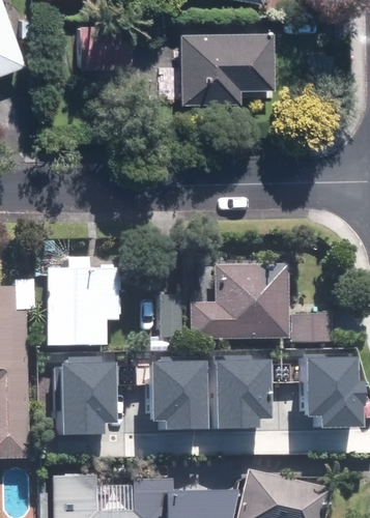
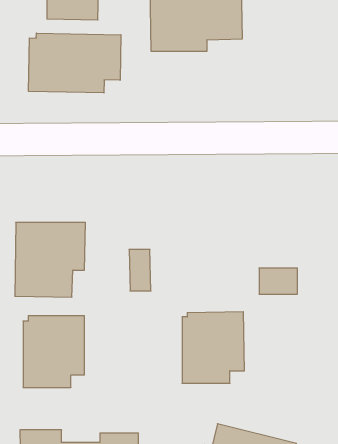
building: none -> [29,33,121,93]
building: [192,263,285,337] -> none
building: [306,357,363,426] -> none
building: [151,362,208,430] -> none

